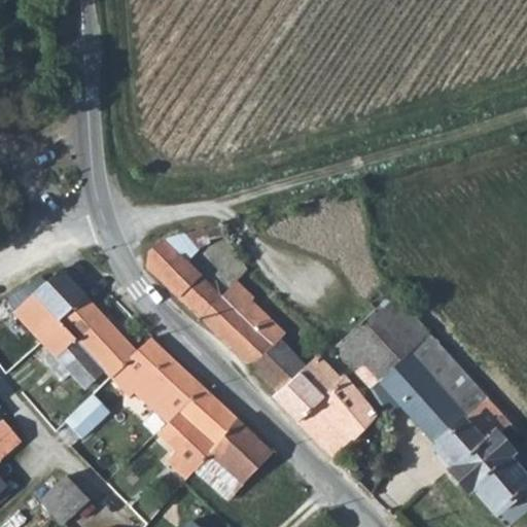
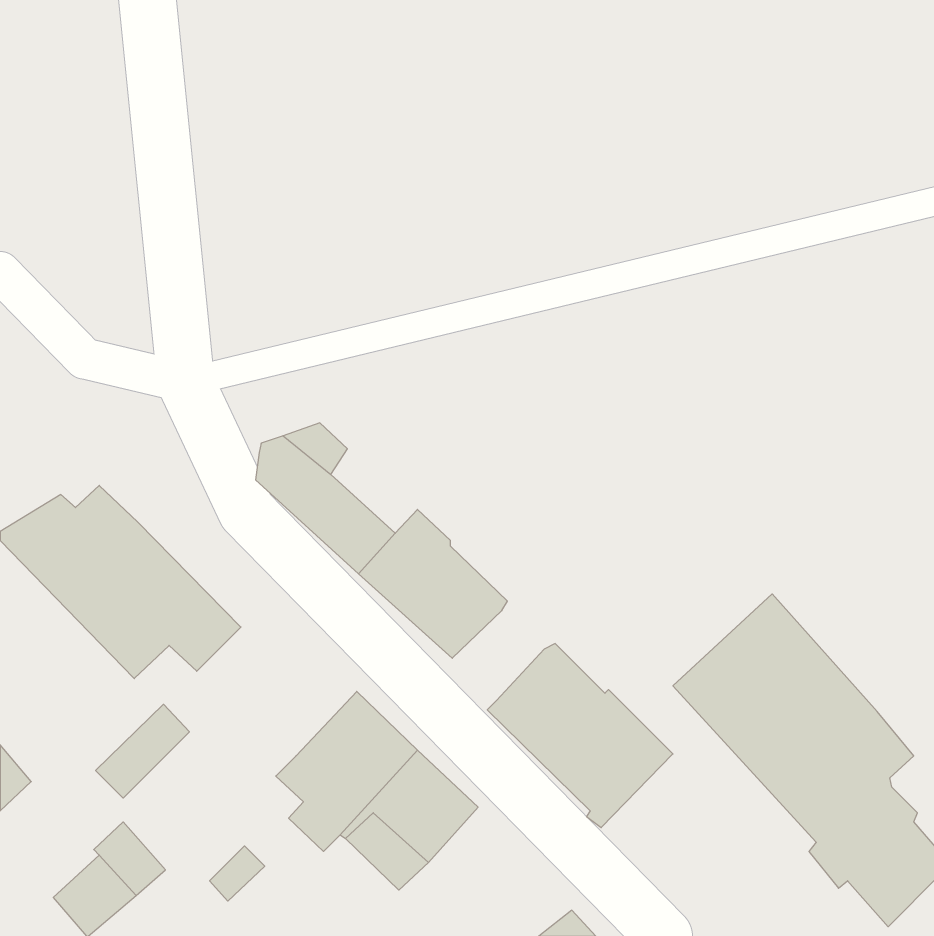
building: [342,282,435,384] -> none
building: [110,339,203,423] -> none
building: [256,342,308,392] -> none

